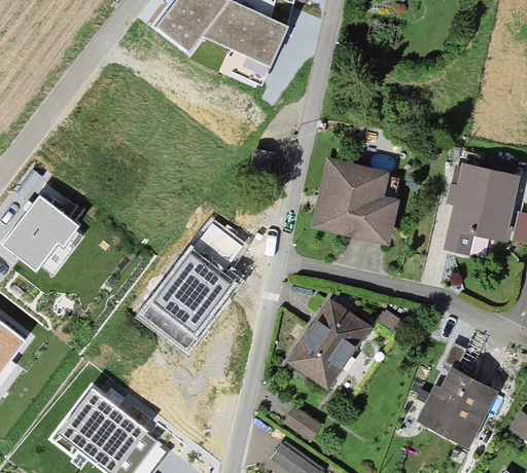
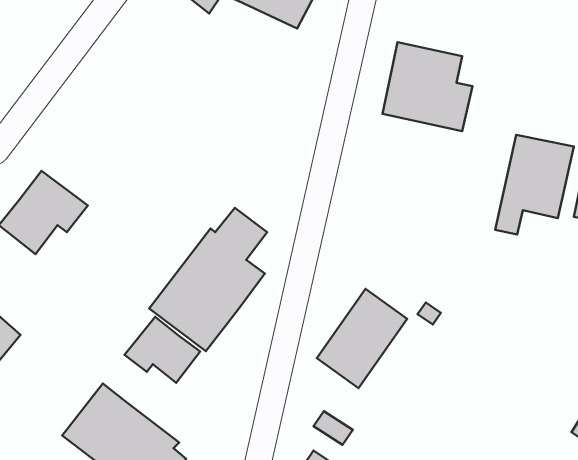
building: [313,157,393,236] -> [382,42,473,131]
building: none -> [125,317,200,383]
building: [419,367,495,442] -> none

